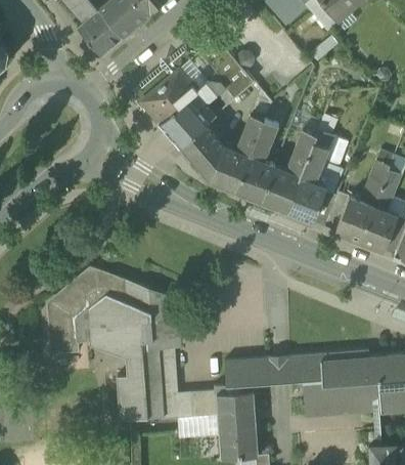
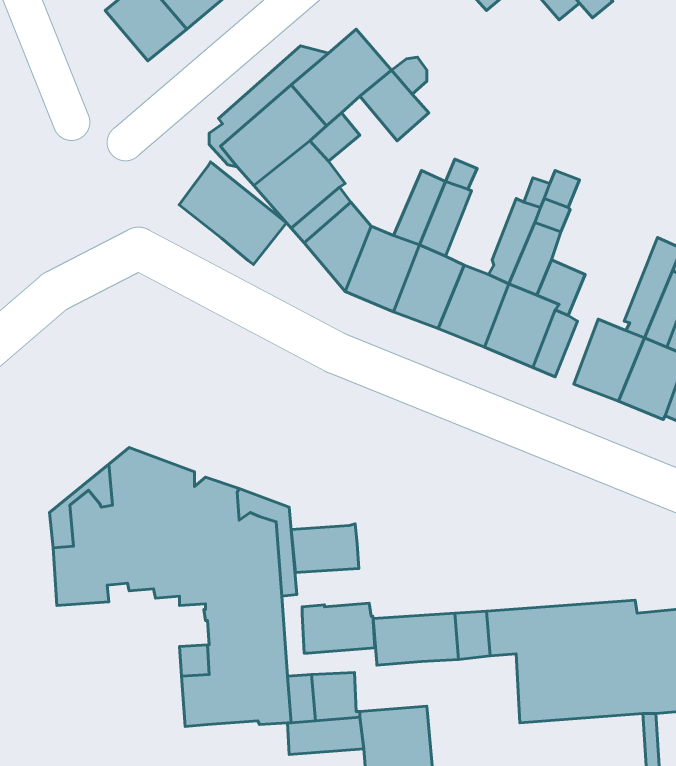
building: none -> [179,162,287,265]
building: none -> [291,524,359,572]
building: [214,385,254,413] -> [302,603,375,653]

